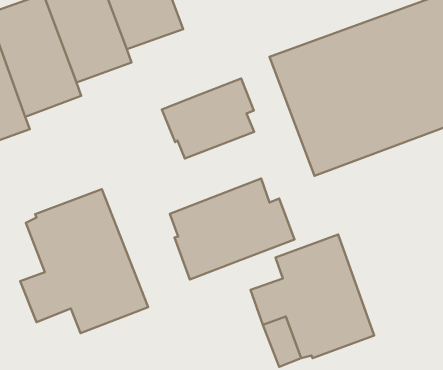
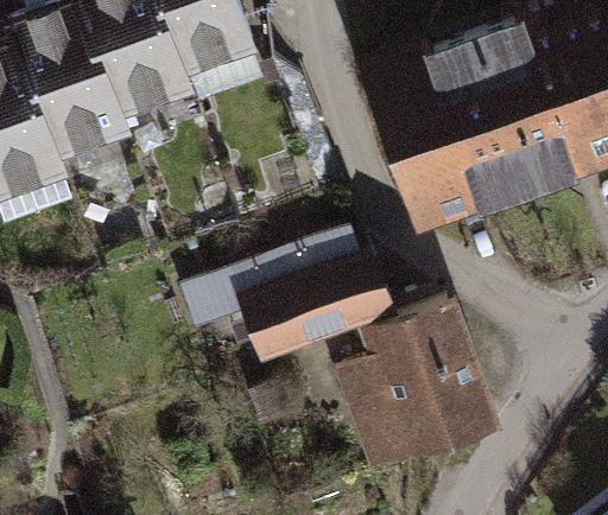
building: [162,79,254,159] -> none
building: [20,189,148,333] -> none

